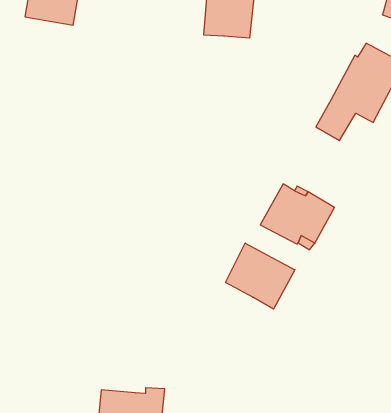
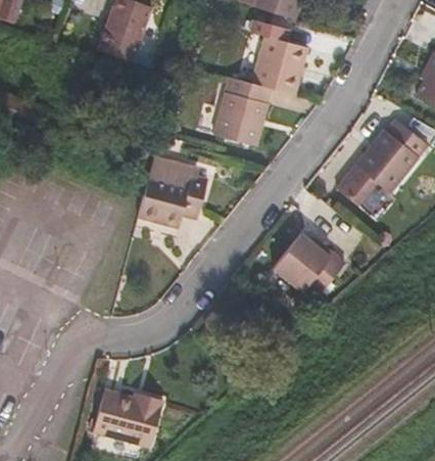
building: none -> [214,78,271,145]
building: none -> [137,156,207,228]
building: [226,243,295,309] -> none

